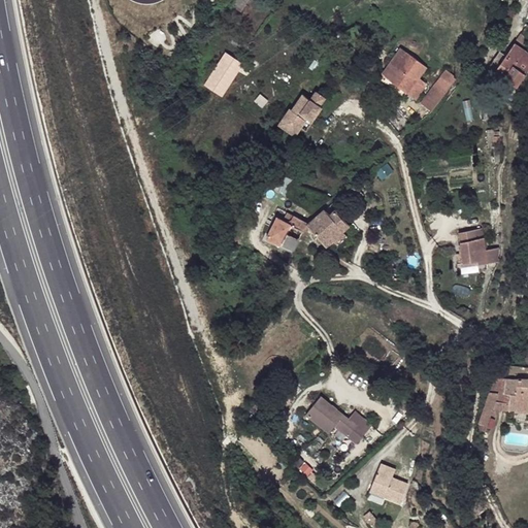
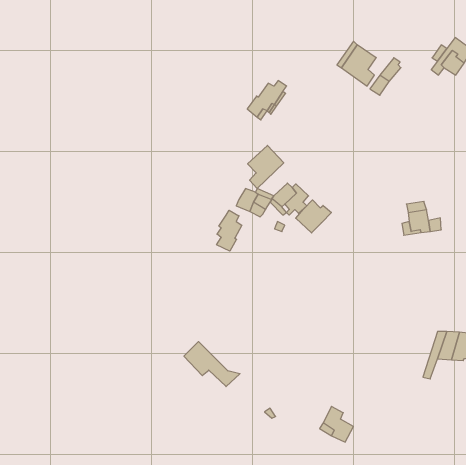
building: [206,56,243,97] -> none
building: none -> [248,145,284,189]
building: none -> [296,200,331,233]
building: none -> [217,210,242,251]
building: [305,386,368,436] -> [184,342,240,387]

